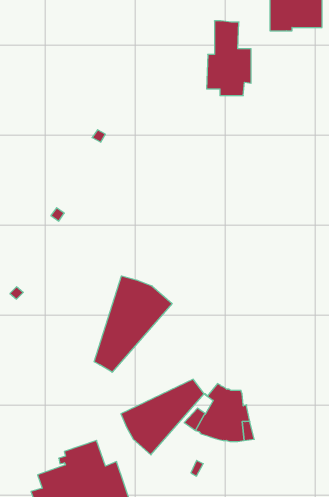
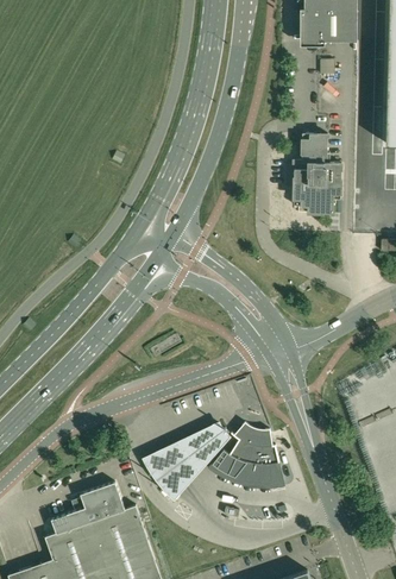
building: [207,21,251,96] -> [294,134,341,214]
building: [94,276,172,372] -> none

